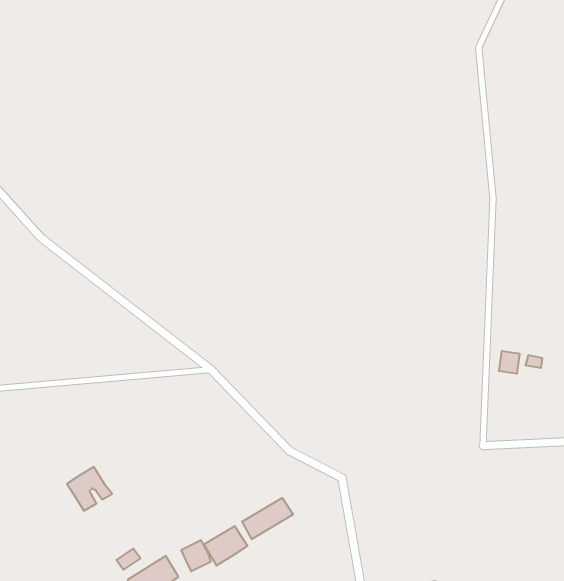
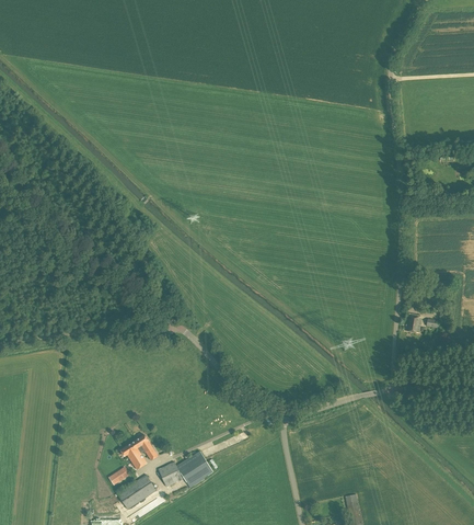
building: [67,467,112,511] -> [124,435,159,469]
building: [242,498,293,539] -> none

